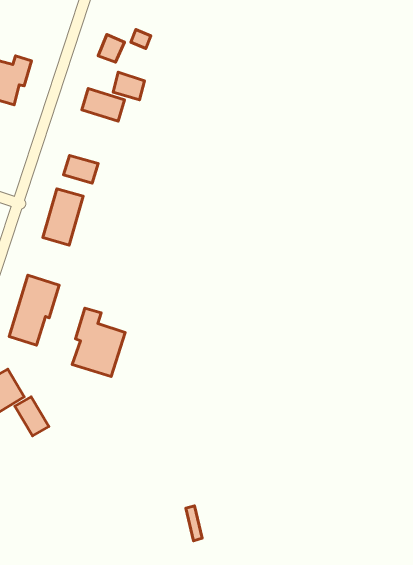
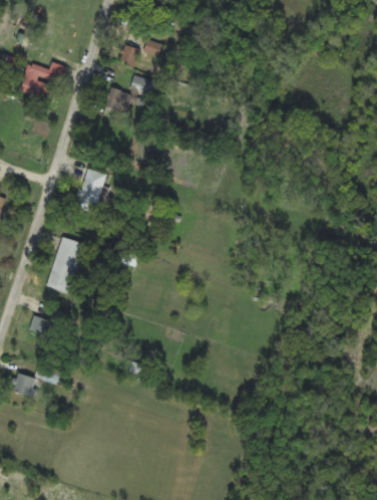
building: [64,155,98,183] -> none
building: [72,308,125,377] -> none
building: [15,397,49,436] -> none

